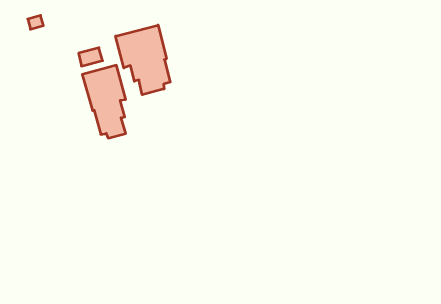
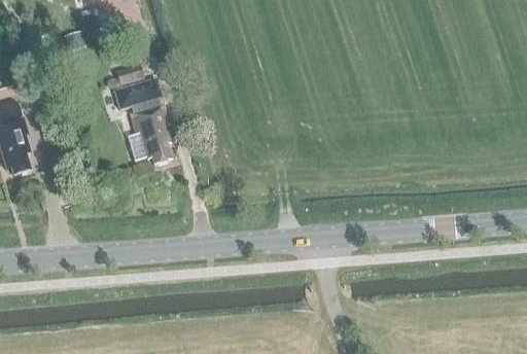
building: [116,25,170,95] -> none

